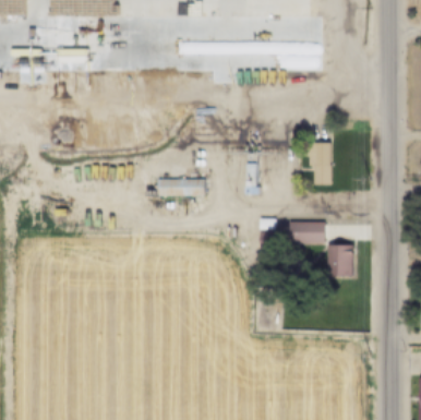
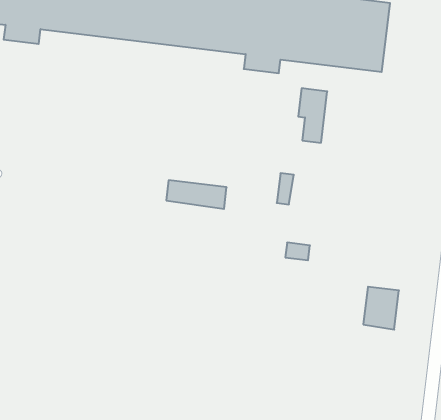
building: [311,136,332,178] -> [298,88,327,143]
building: [291,216,326,237] -> none

